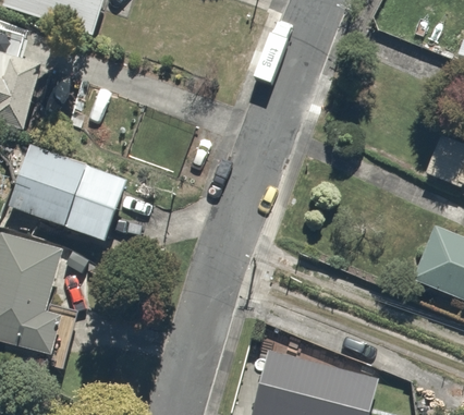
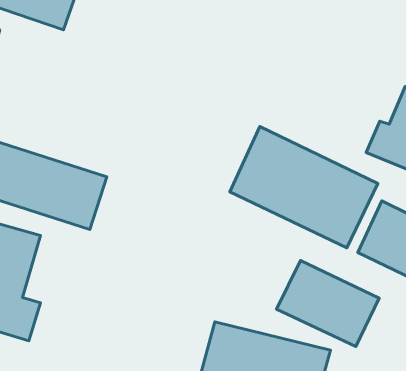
building: none -> [230,127,378,248]
building: none -> [276,260,379,346]

